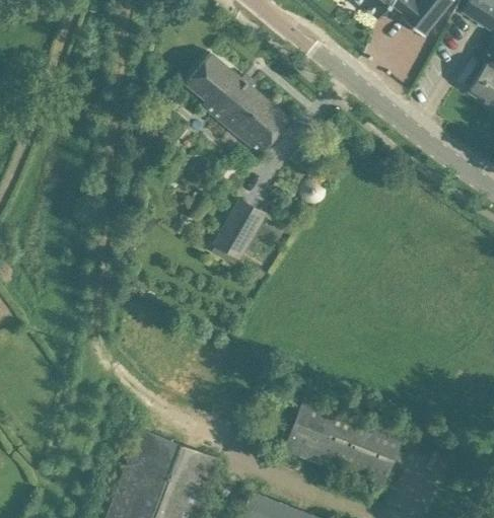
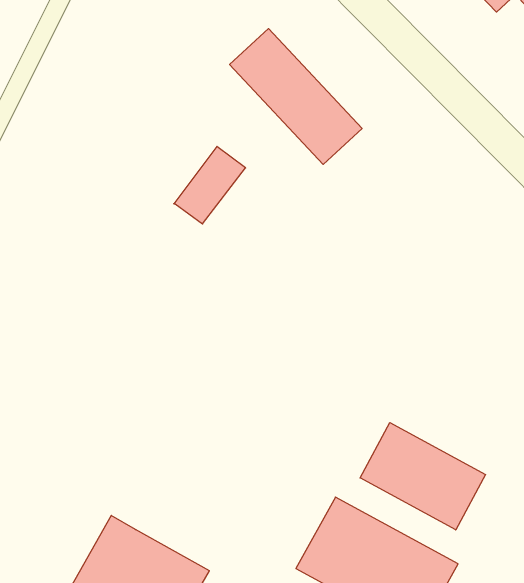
building: [215,201,265,260] -> [174,146,246,224]
building: none -> [360,423,486,530]

